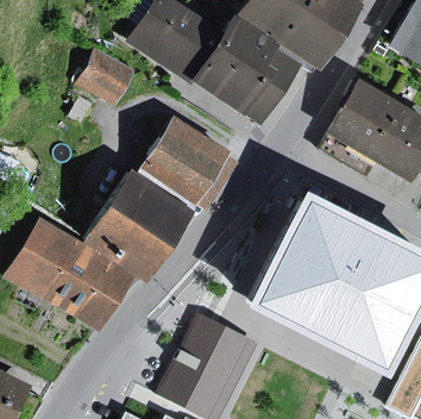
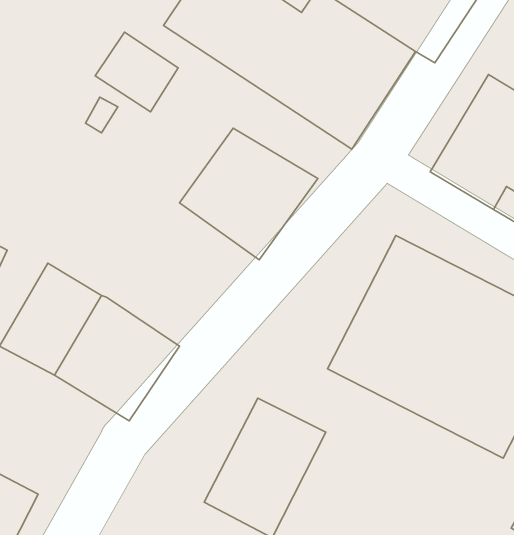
building: [83,169,195,284] -> none

